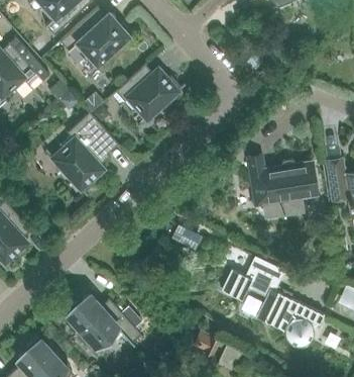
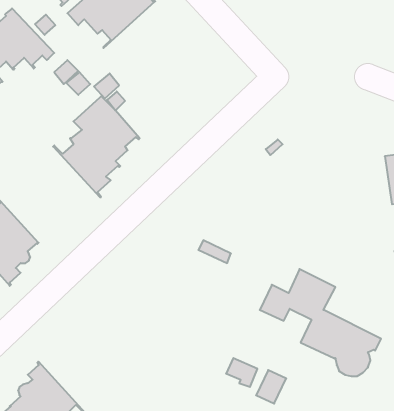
building: [108,64,186,126] -> none
building: [247,156,319,219] -> none
building: [64,296,144,353] -> none

